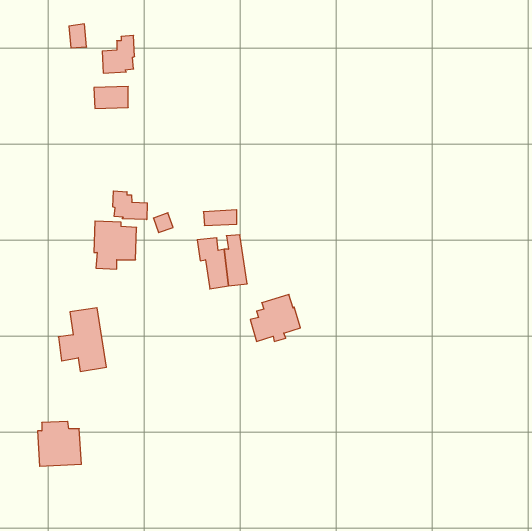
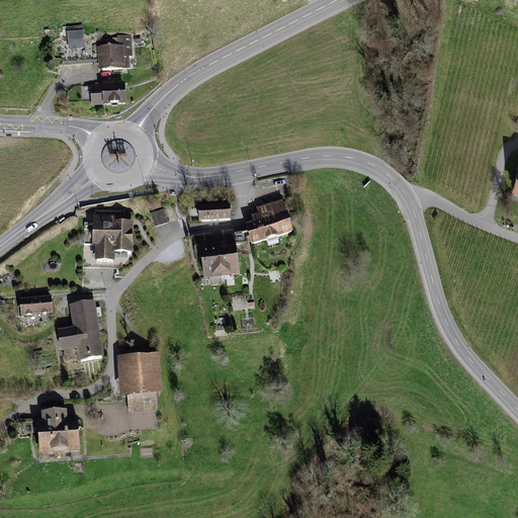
building: [113,191,147,220] -> none
building: [250,294,300,341] -> [244,198,292,244]
building: none -> [18,294,52,316]
building: none -> [116,352,162,412]

